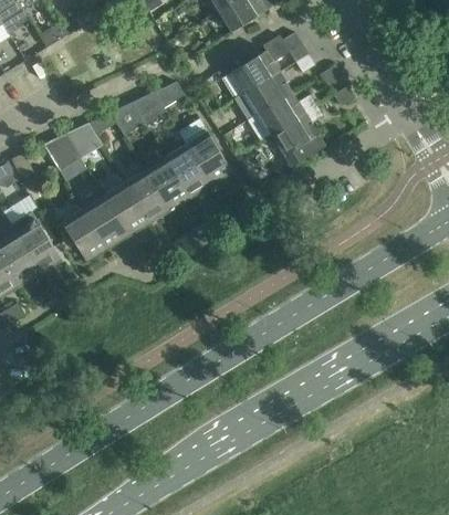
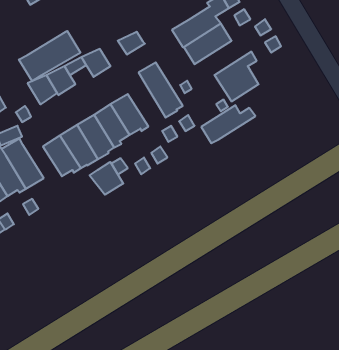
building: none -> [19,31,80,81]
building: [250,92,316,138] -> [201,105,255,143]
building: [165,144,211,197] -> none
building: none -> [90,162,123,195]

